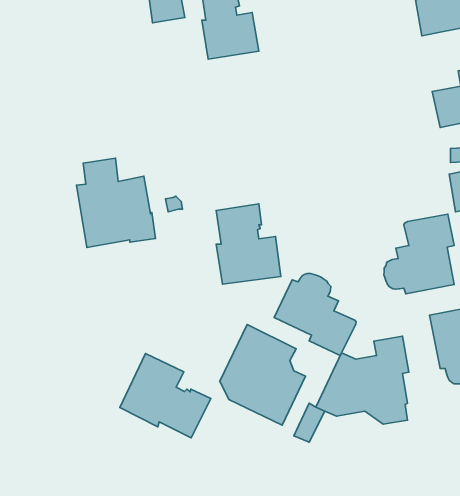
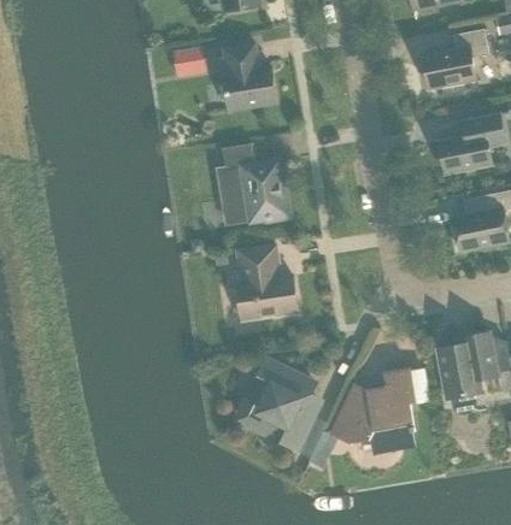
building: [77,158,156,247] -> [216,142,289,225]
building: [384,214,454,294] -> none
building: [274,273,356,356] -> none
building: [120,354,211,438] -> none

